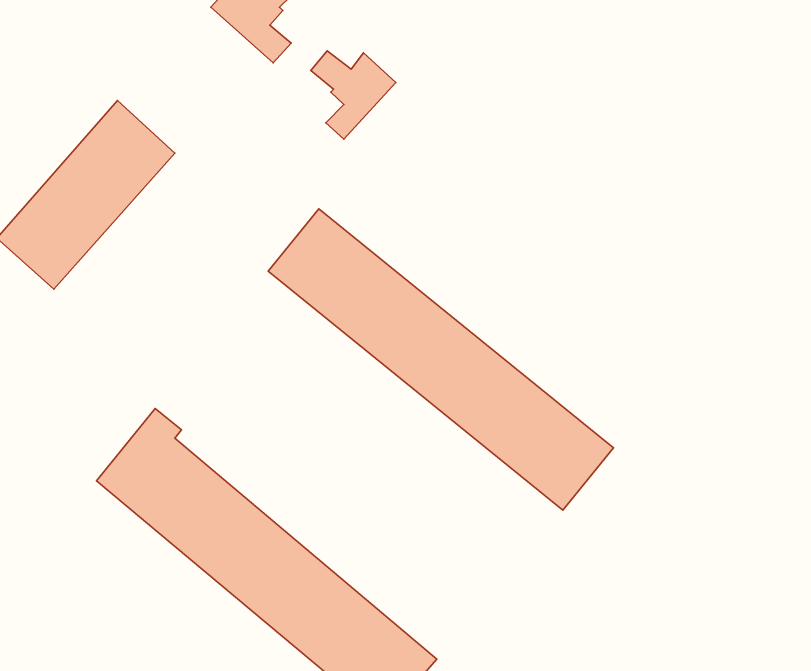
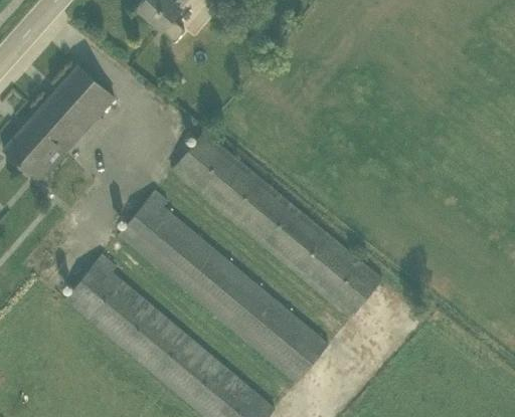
building: [311,51,396,139] -> none
building: none -> [119,189,330,384]

